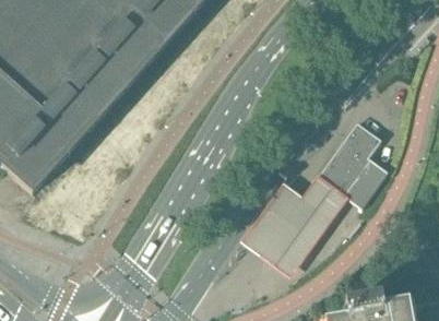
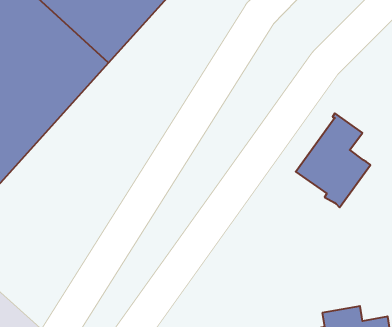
building: [245,168,351,270] -> none

